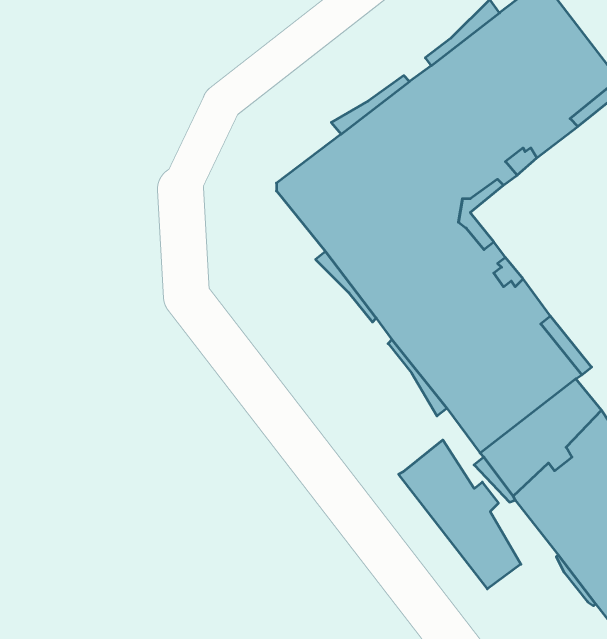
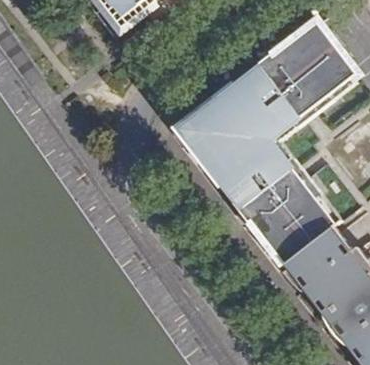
building: [399,440,521,589] -> none

